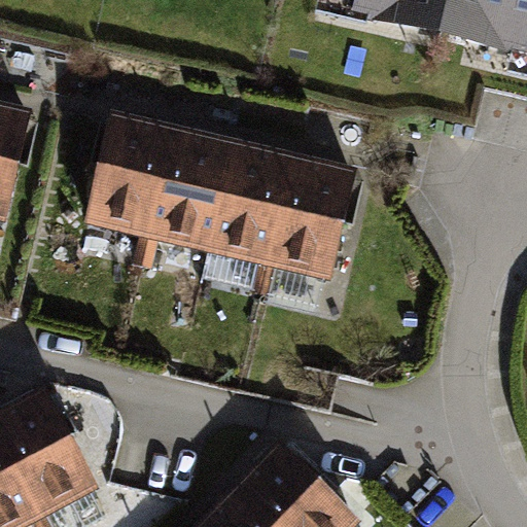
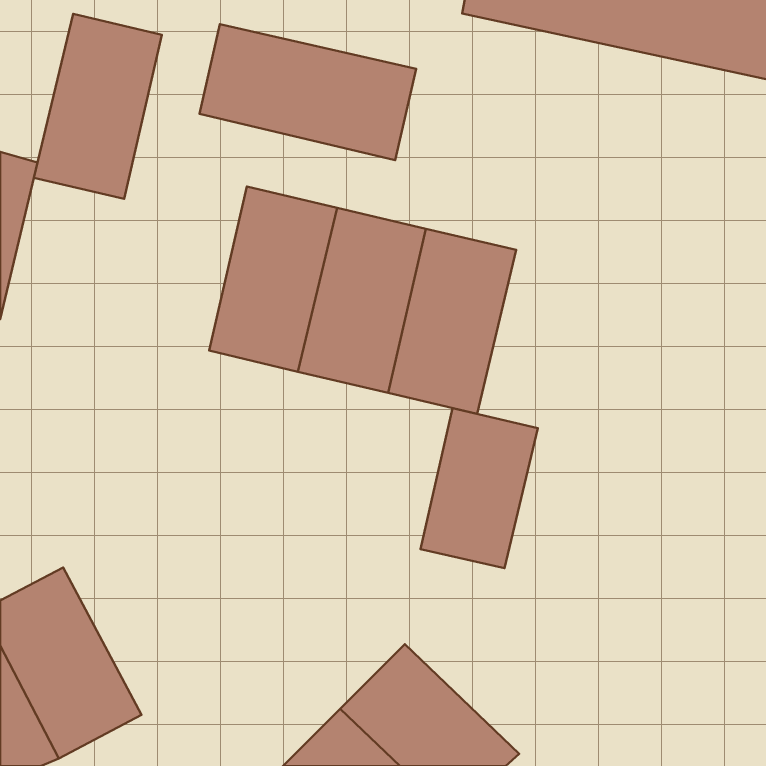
building: none -> [199,24,416,160]
building: [83,113,171,240] -> [34,14,162,199]
building: none -> [420,408,538,568]

